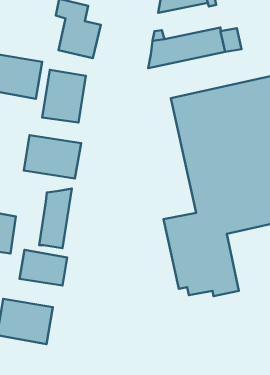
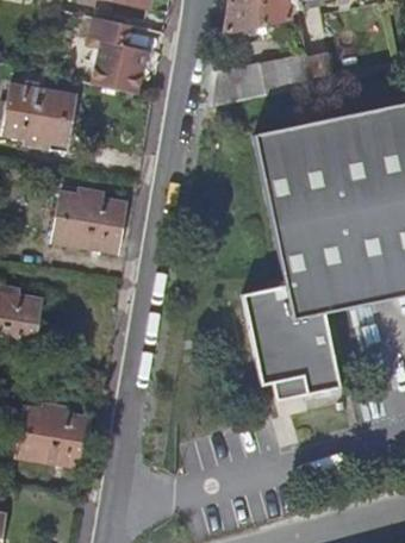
building: [42,70,86,123] -> none
building: [39,189,72,248] -> none
building: [20,250,67,286] -> none

